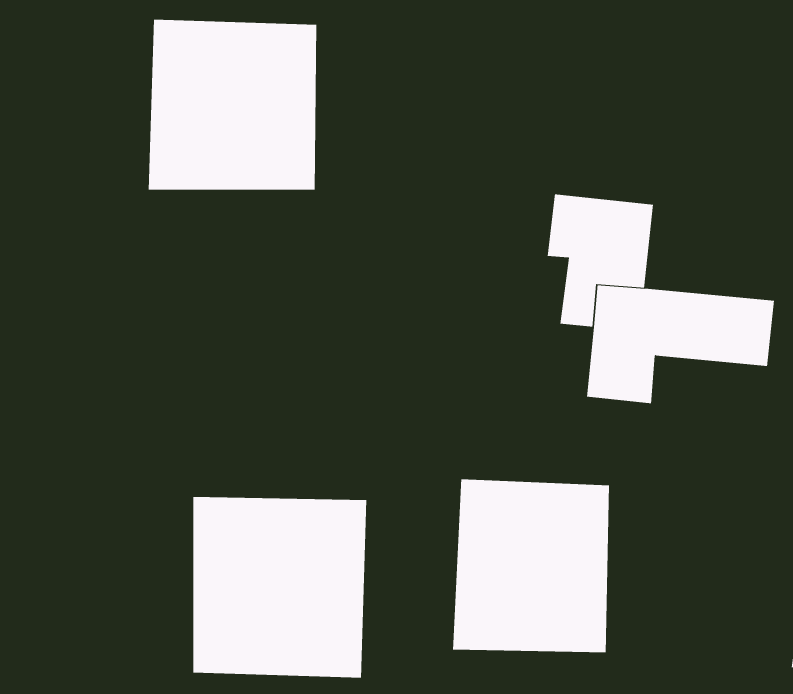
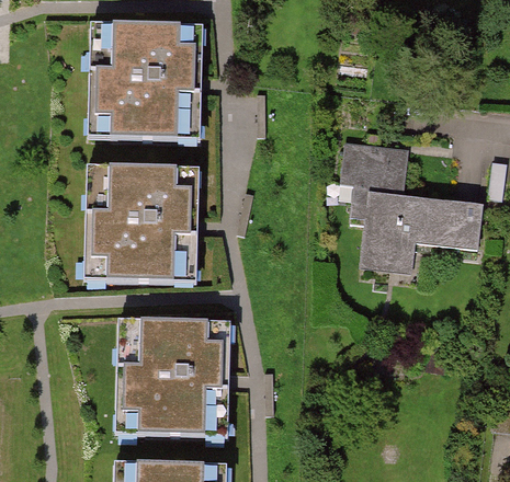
building: none -> [90,169,197,278]
building: [453,478,609,653] -> none

